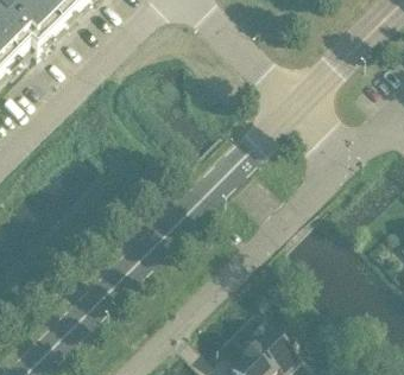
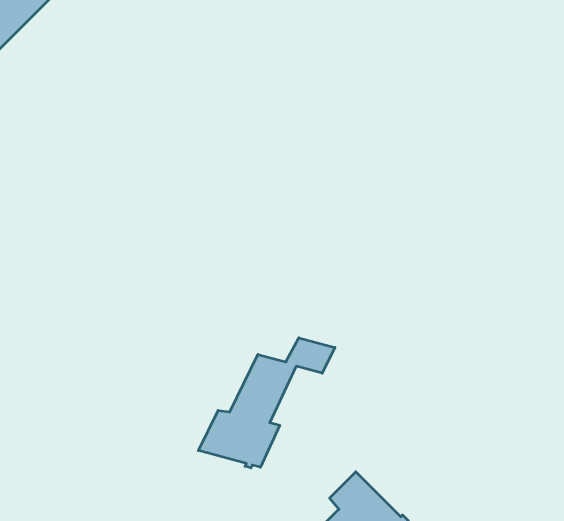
building: none -> [198,338,335,468]

